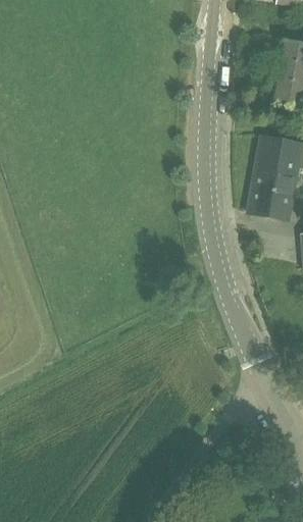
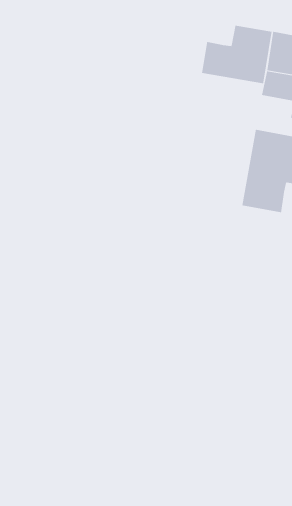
building: none -> [201,25,272,84]

